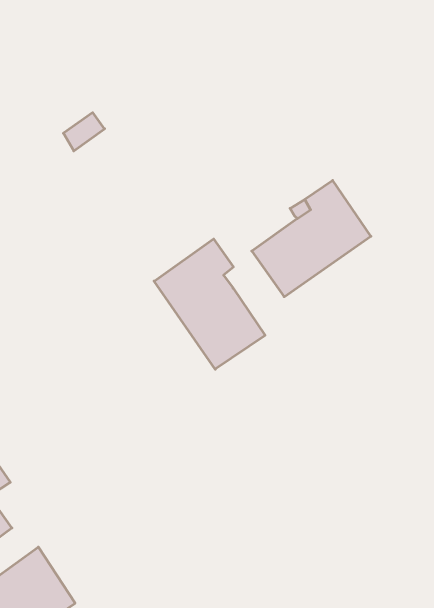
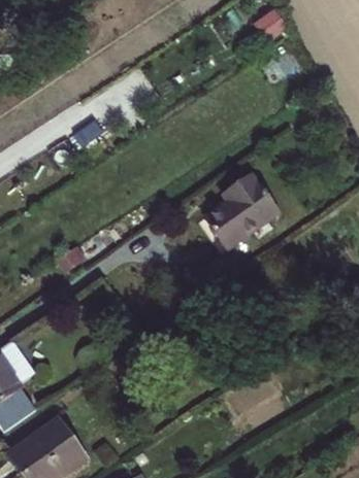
building: [154,239,265,369] -> none

